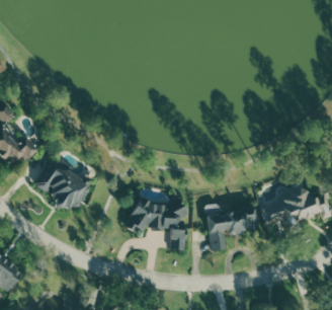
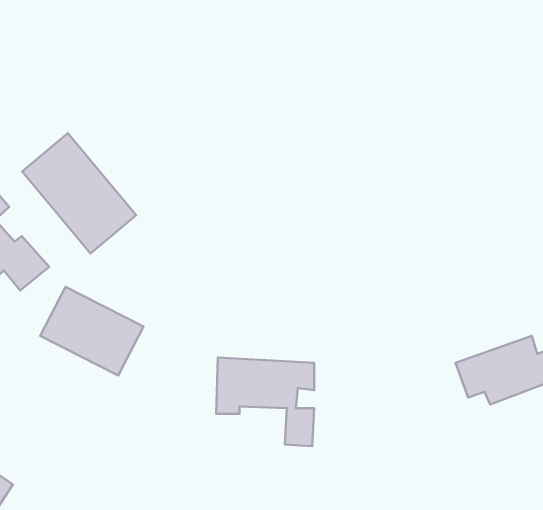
building: none -> [22,133,136,253]
building: [208,208,261,250] -> none

